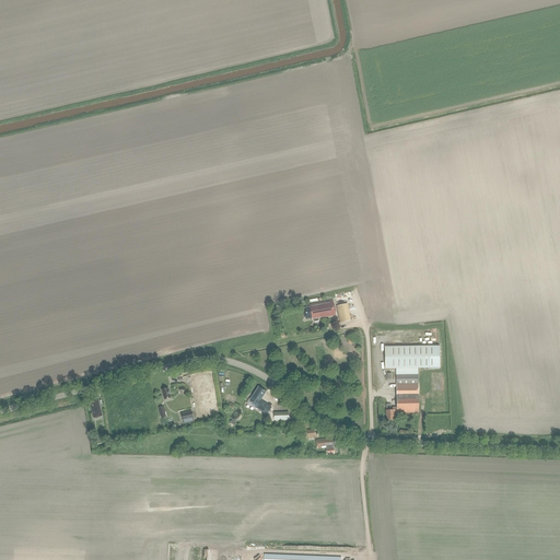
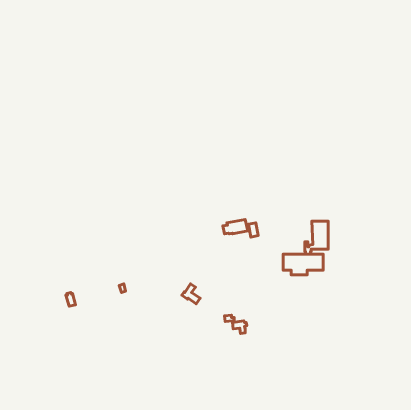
building: [386,374,418,419] -> [305,221,328,254]

